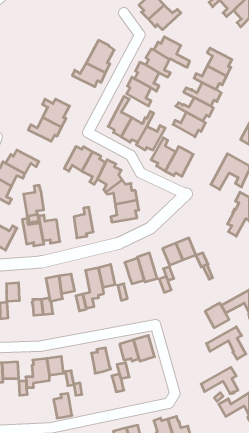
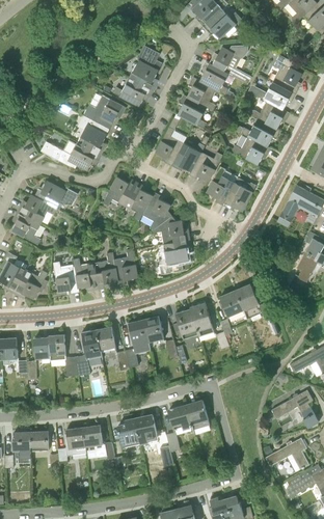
building: none -> [85,94,125,129]
building: [24,185,44,216] -> [93,252,117,289]
building: none -> [48,334,65,365]
building: [205,303,229,328] -> none
building: [54,393,72,418] -> [117,418,139,447]

